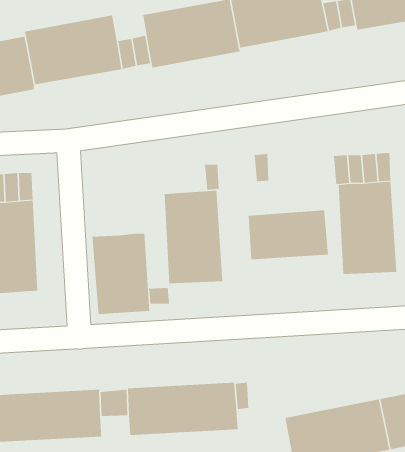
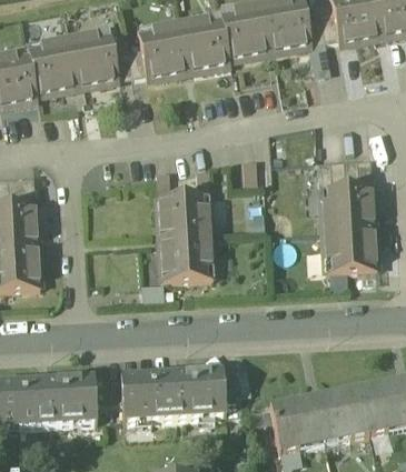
building: [248,209,328,260] -> none
building: [92,233,150,315] -> none

